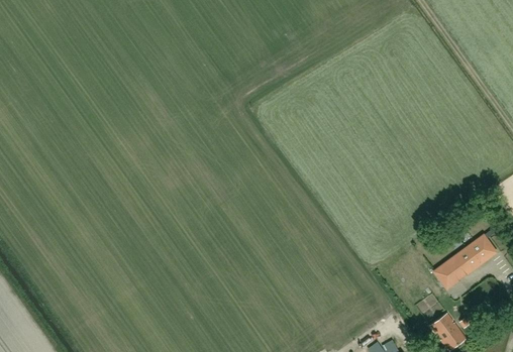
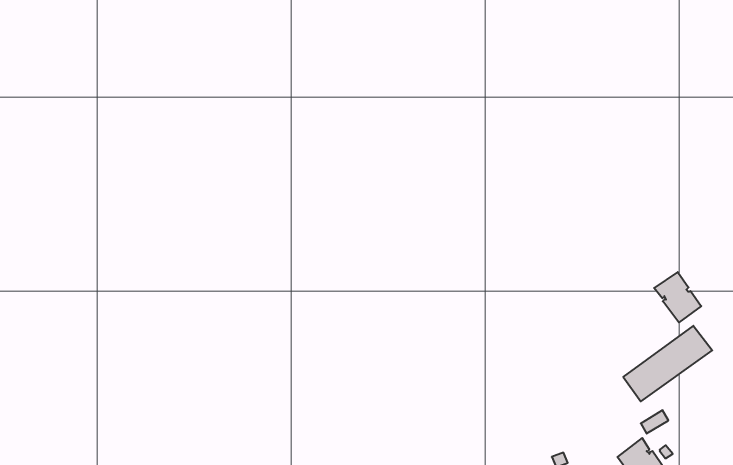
building: none -> [654,272,701,323]

